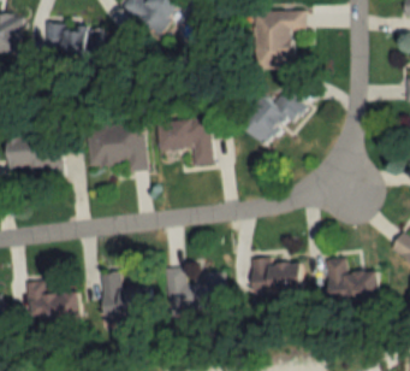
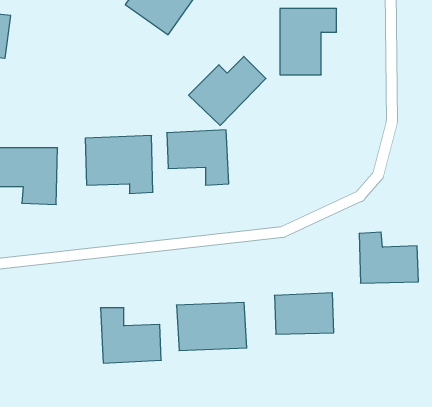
building: [46,25,99,64] -> none
building: [237,88,304,148] -> [189,56,266,125]
building: [326,258,378,302] -> [359,232,418,283]
building: [25,281,77,323] -> none

